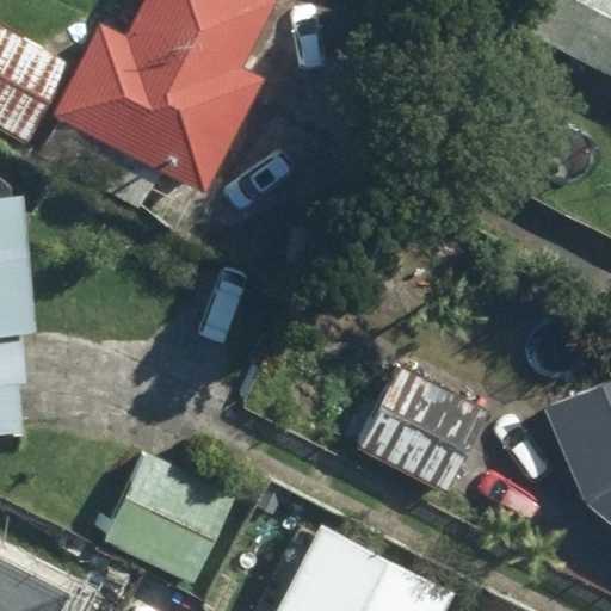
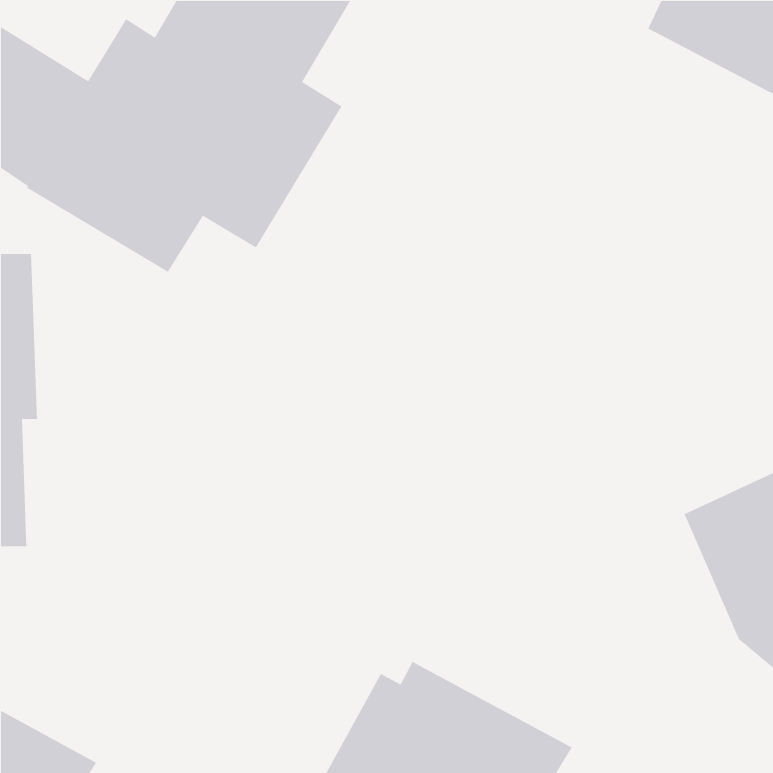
building: [354,358,490,494] -> none
building: [100,448,237,585] -> none

